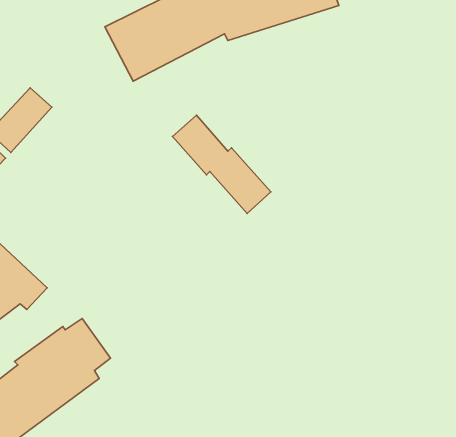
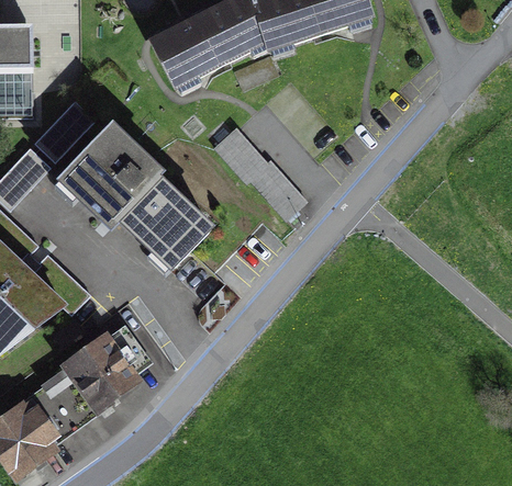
building: none -> [55,127,214,278]

